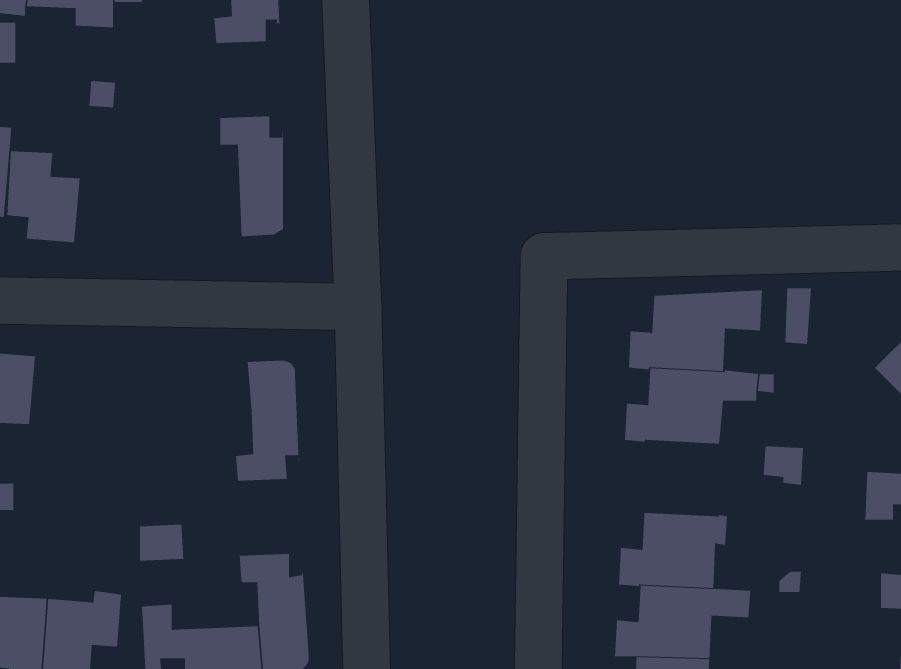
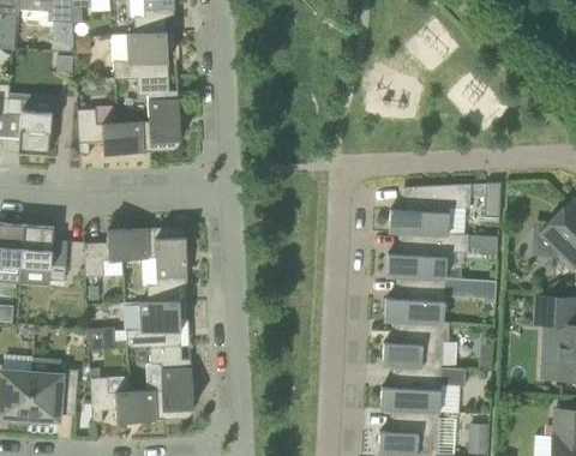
building: none -> [114,31,176,79]
building: none -> [78,107,151,154]
building: none -> [22,224,66,281]
building: none -> [84,228,157,277]
building: none -> [385,276,445,323]
building: none -> [127,299,188,348]

